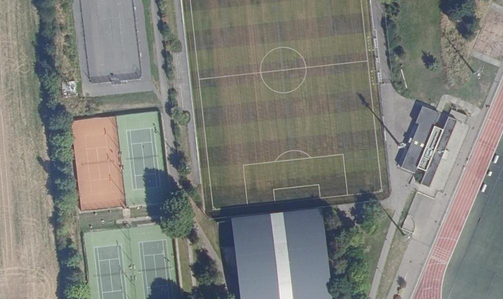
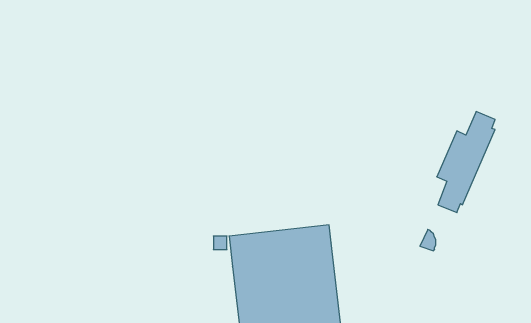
building: [399,105,438,172] -> none

